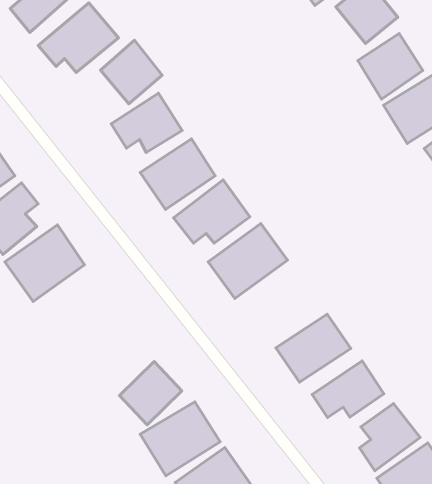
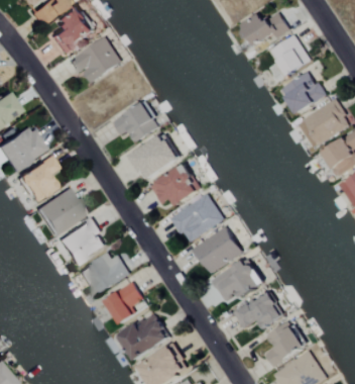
building: [100,40,162,104] -> none
building: none -> [192,226,242,274]
building: none -> [55,218,107,266]
building: none -> [76,253,129,297]

